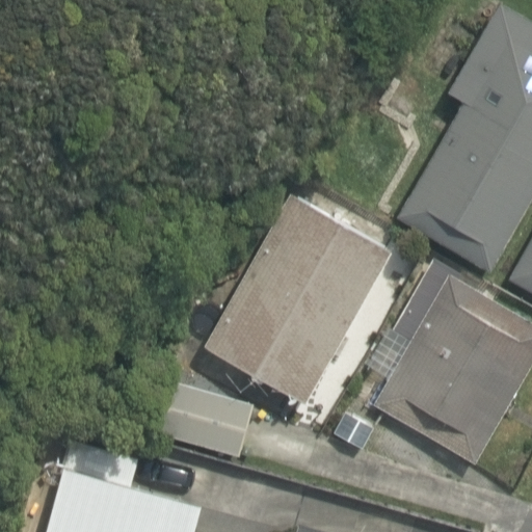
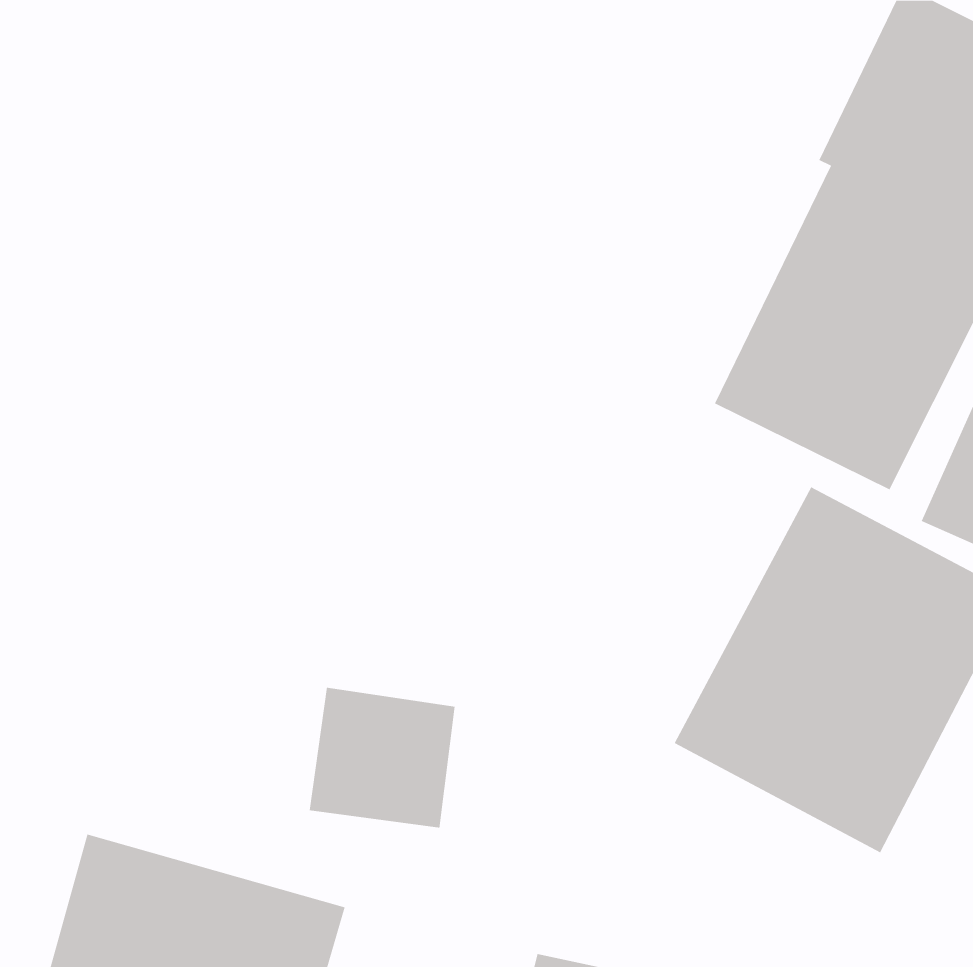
building: [213,194,393,404] -> none

